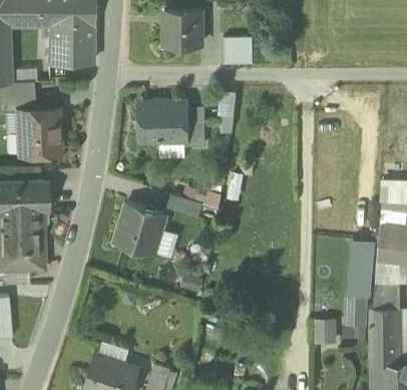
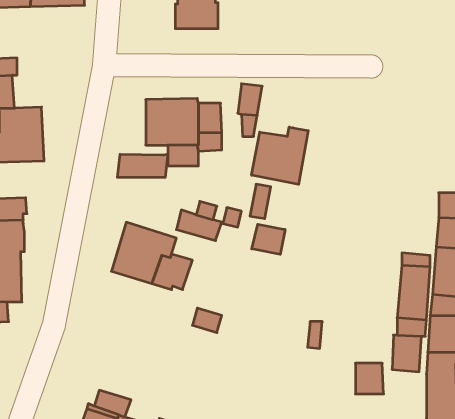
building: [47,26,92,64] -> none
building: [225,37,254,64] -> none
building: none -> [252,127,308,184]
building: none -> [117,154,168,177]
building: none -> [252,224,285,254]

